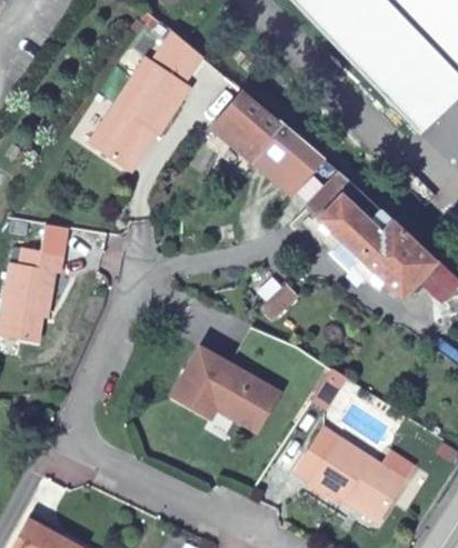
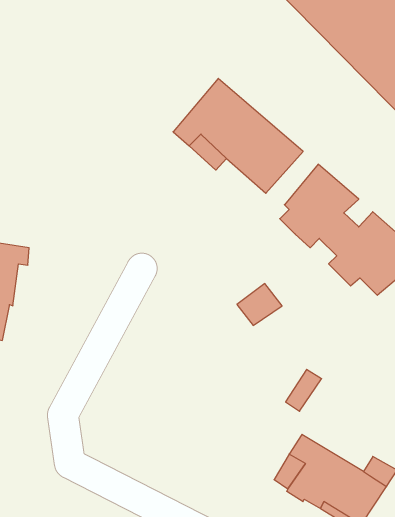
building: [88,26,202,167] -> none
building: [172,347,278,431] -> none

